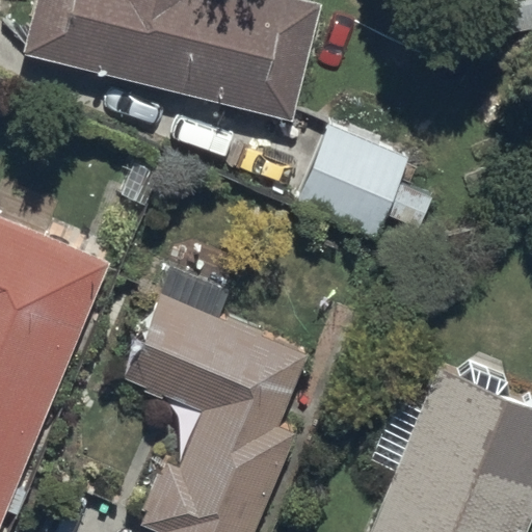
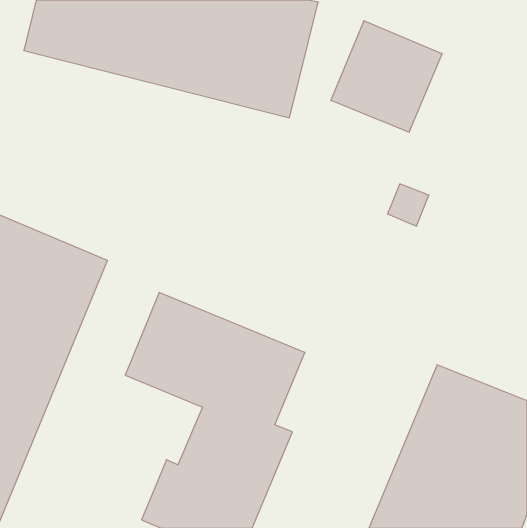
building: [295,124,407,236] -> [331,21,442,132]

